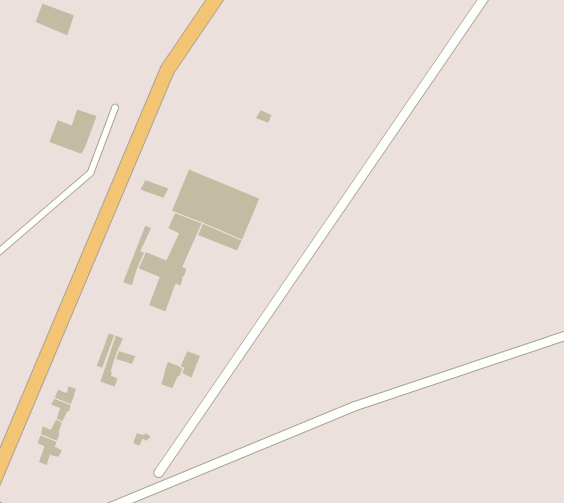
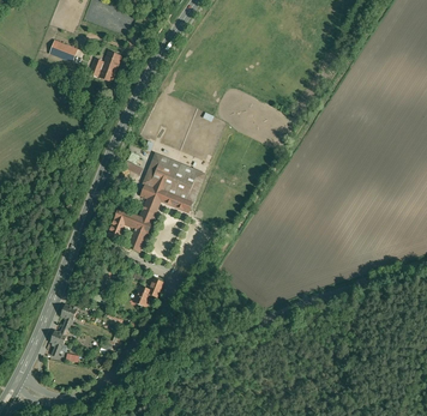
building: [49,109,97,154] -> [88,50,121,82]

